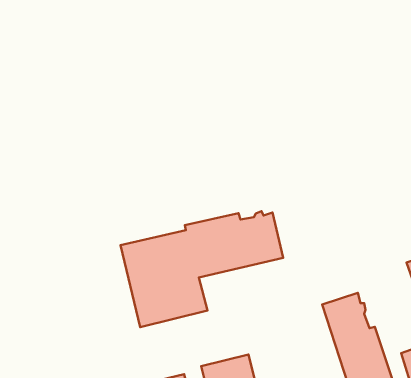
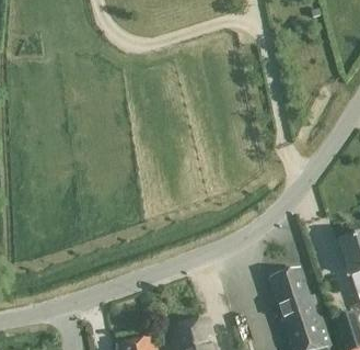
building: [121,211,283,327] -> none

